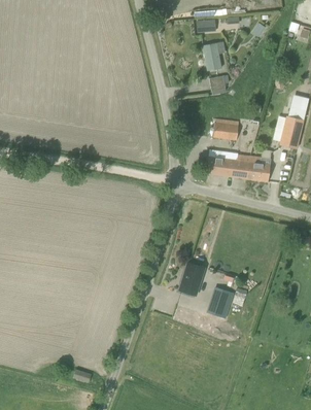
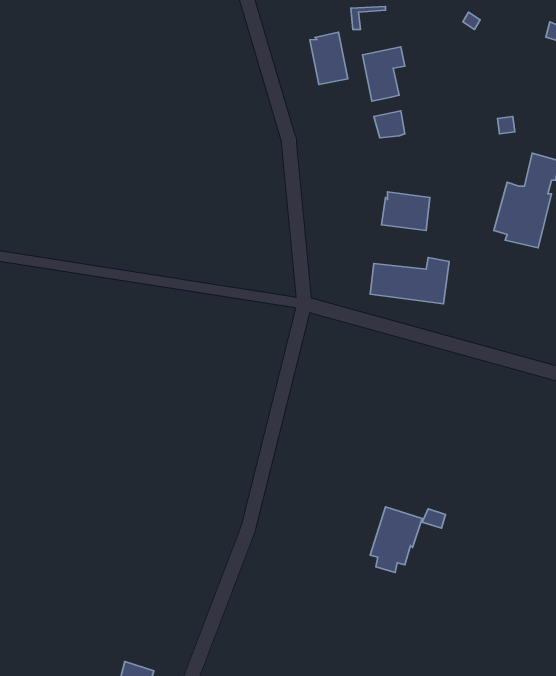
building: none -> [310,32,348,84]
building: [246,157,271,181] -> none
building: [181,263,205,296] -> none

